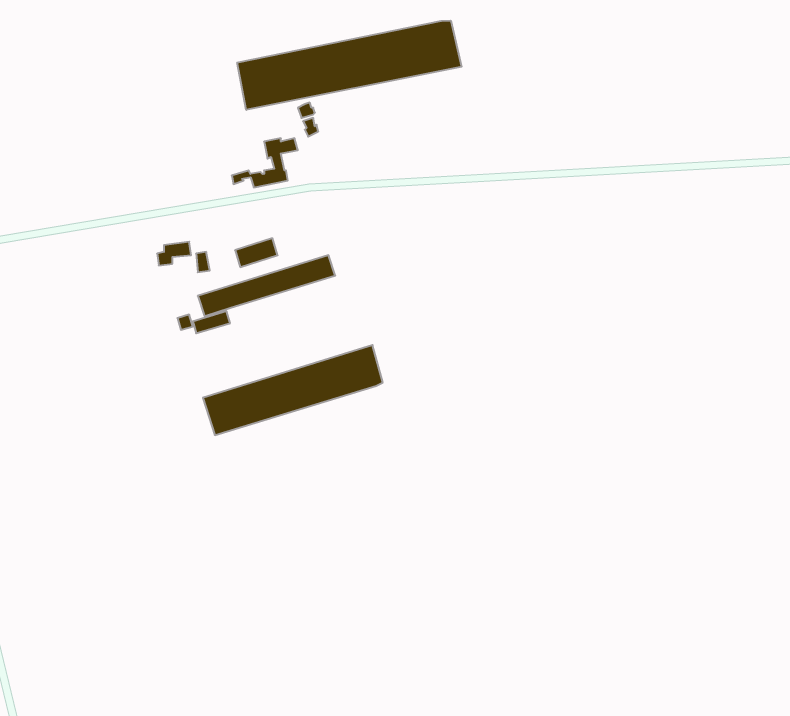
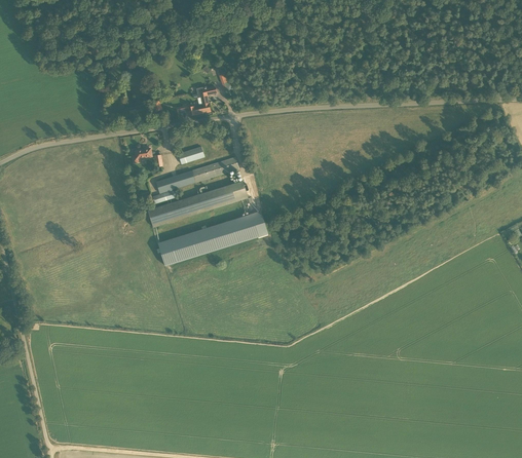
building: [237,21,462,110] -> none
building: none -> [147,180,248,227]

